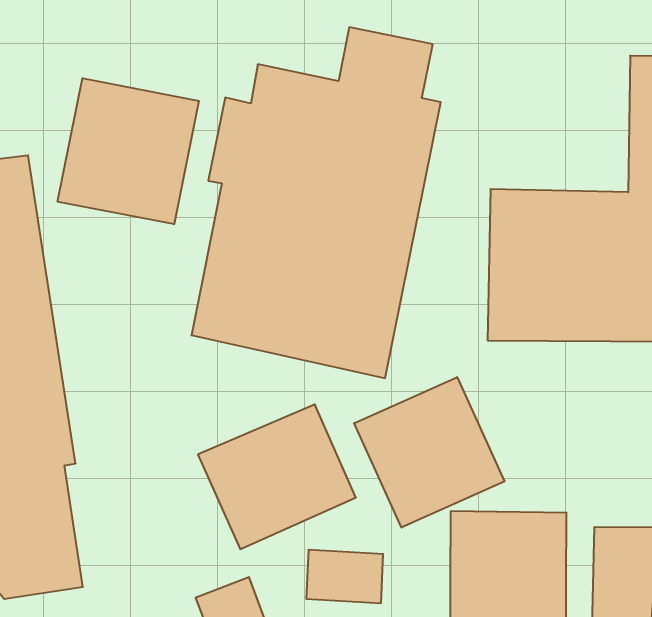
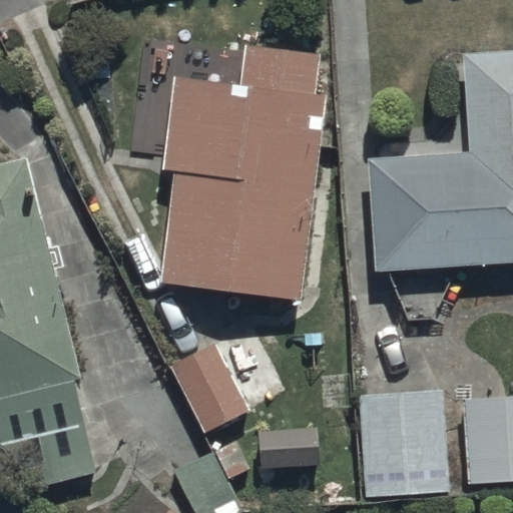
building: [58,78,199,224] -> none
building: [354,377,504,528] -> none

